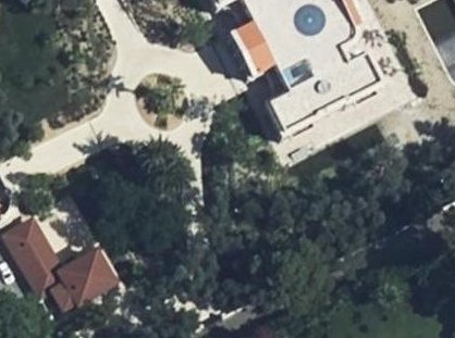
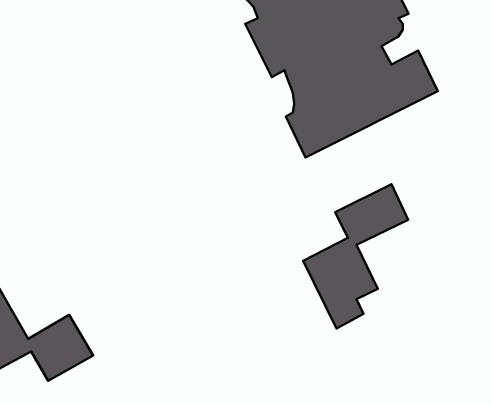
building: none -> [303,184,408,328]

